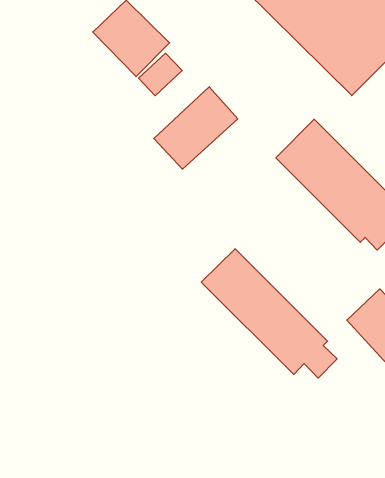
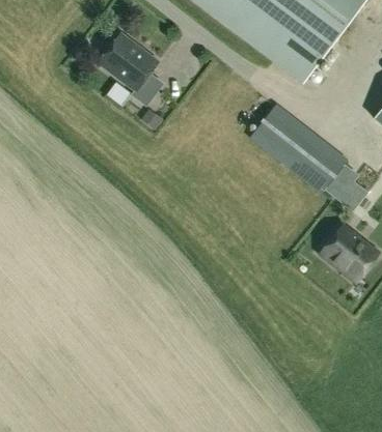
building: [154,87,238,169] -> none
building: [201,249,337,378] -> none

